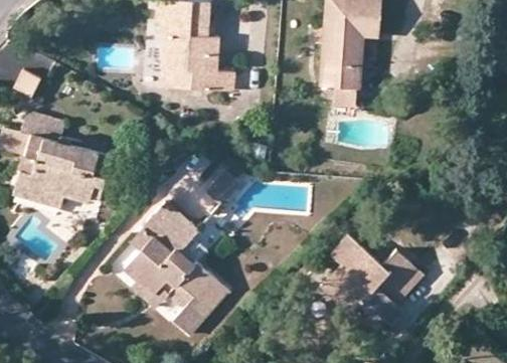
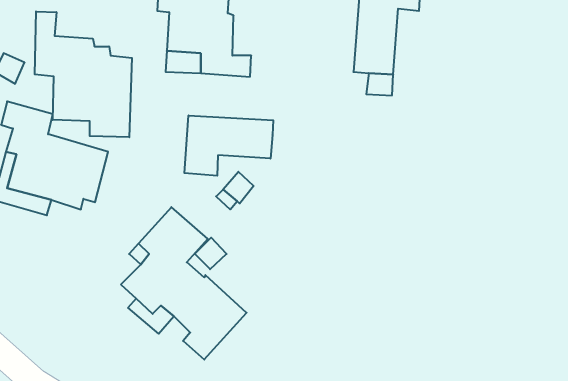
building: none -> [35,11,132,137]
building: none -> [184,115,273,176]
building: [319,236,421,328] -> none

